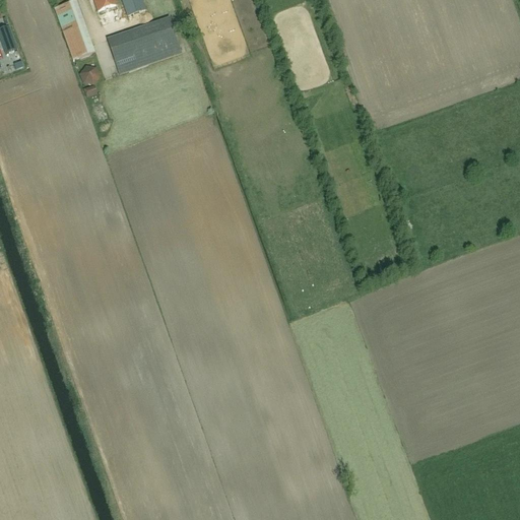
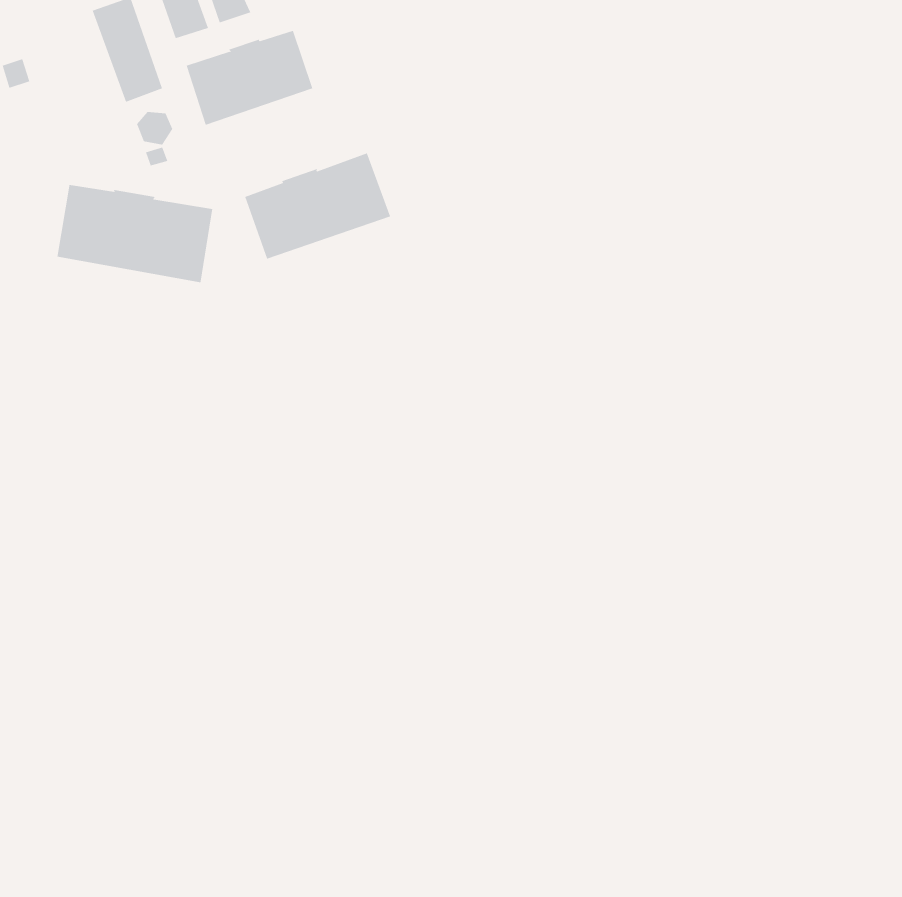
building: none -> [244,152,391,260]
building: none -> [57,184,213,283]

